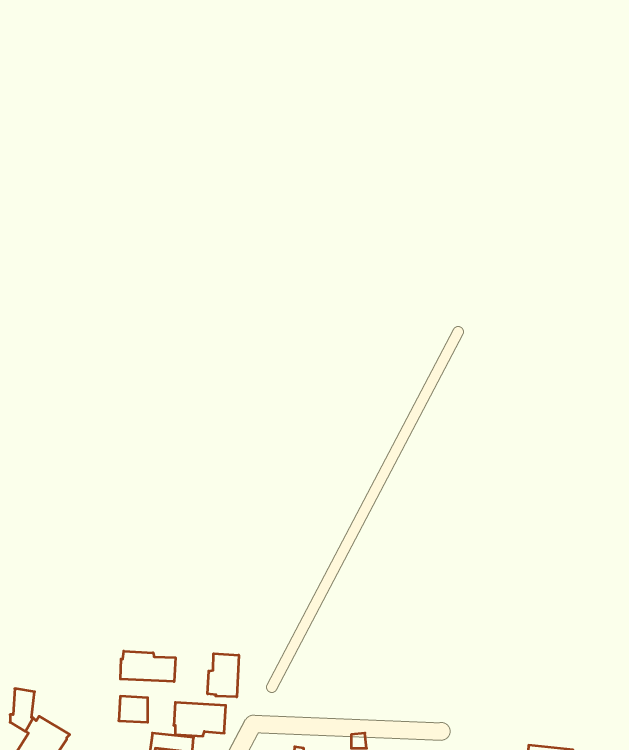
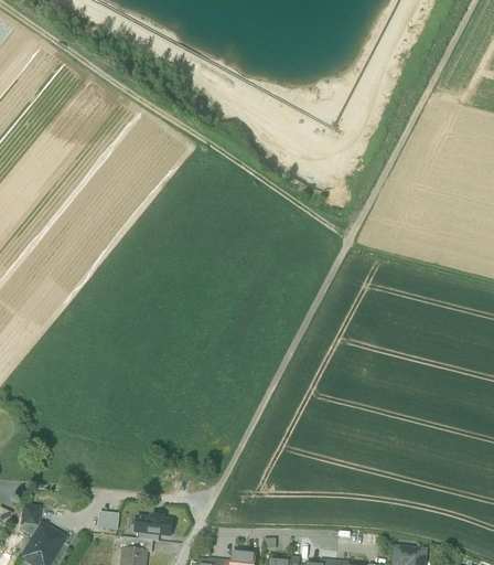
building: [120,651,175,682] -> none
building: [208,654,239,697] -> none

